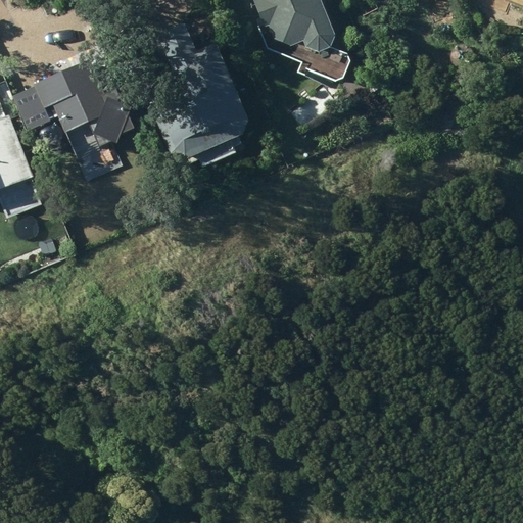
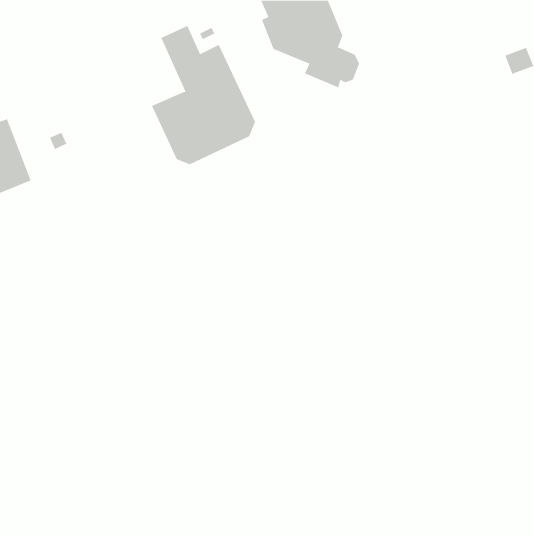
building: [33,59,137,147] -> none

